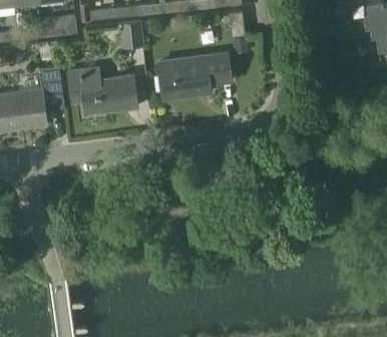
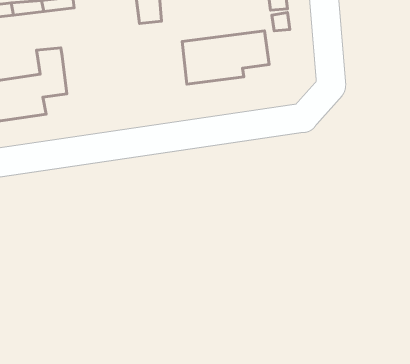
building: [66,67,136,113] -> none

